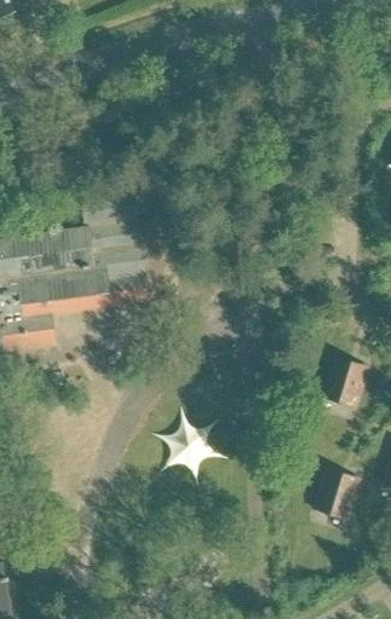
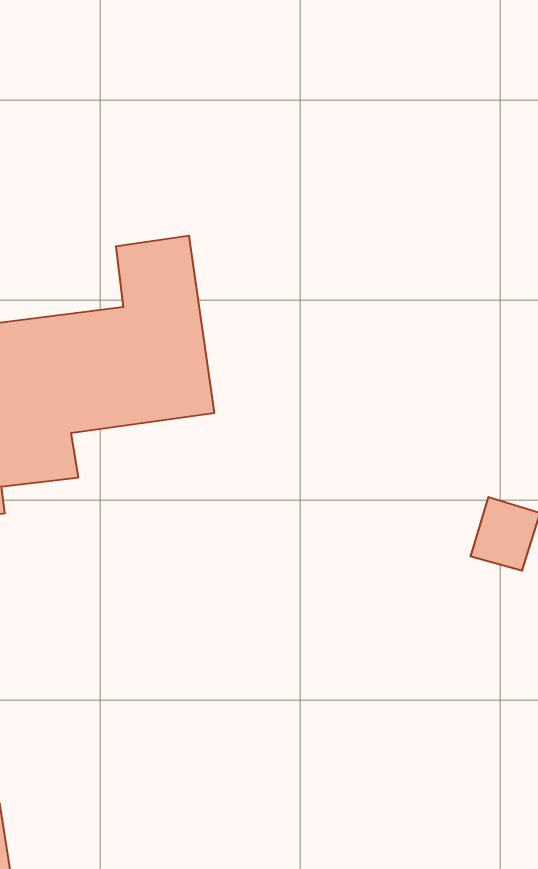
building: [315,469,362,519] -> none

